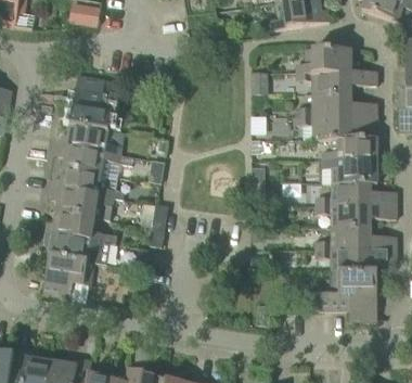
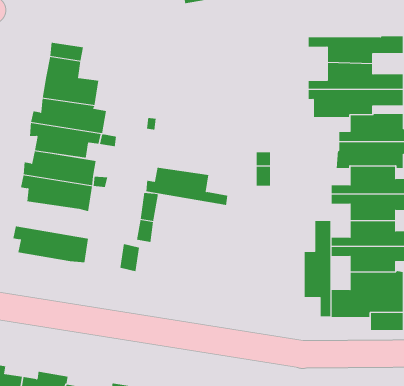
building: [296,48,358,71] -> none
building: [47,210,117,243] -> [145,167,228,206]
building: none -> [304,220,331,317]
building: [43,254,93,297] -> none

